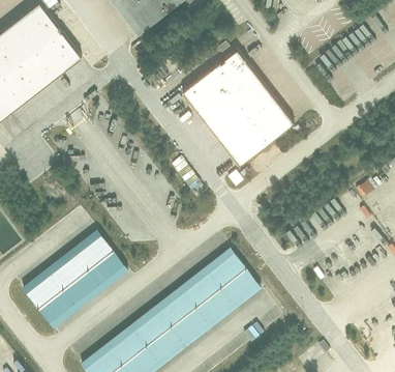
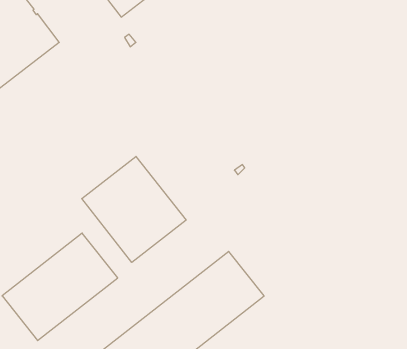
building: [180,49,292,165] -> none
building: none -> [82,156,186,262]

